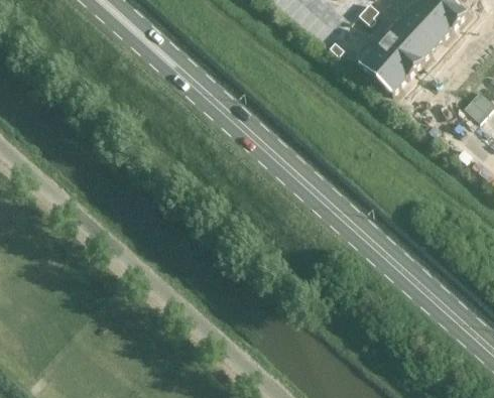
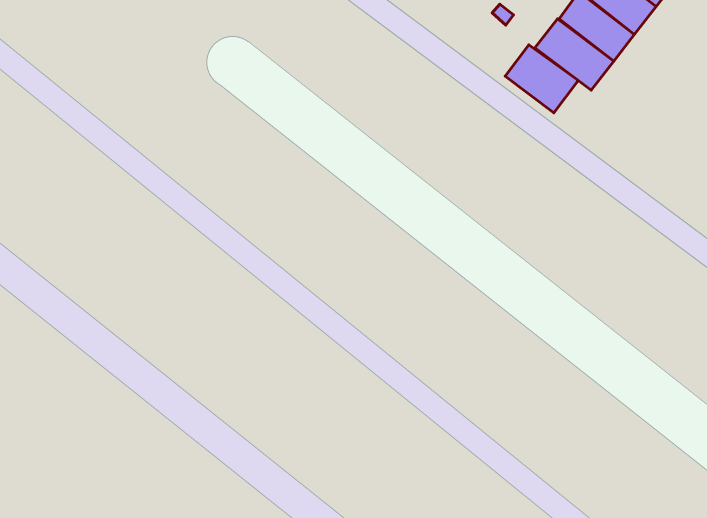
building: none -> [505,45,578,113]

